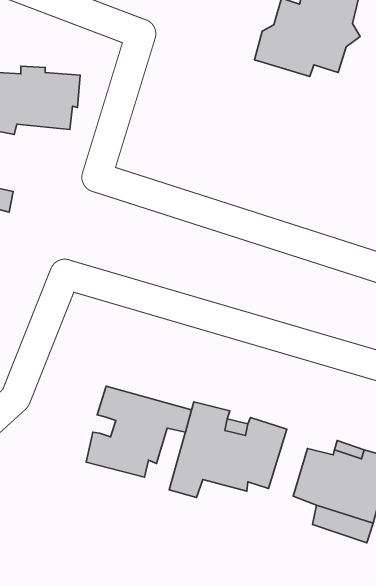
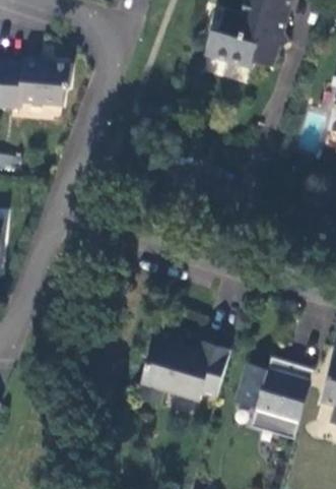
building: [86,386,191,477] -> none

